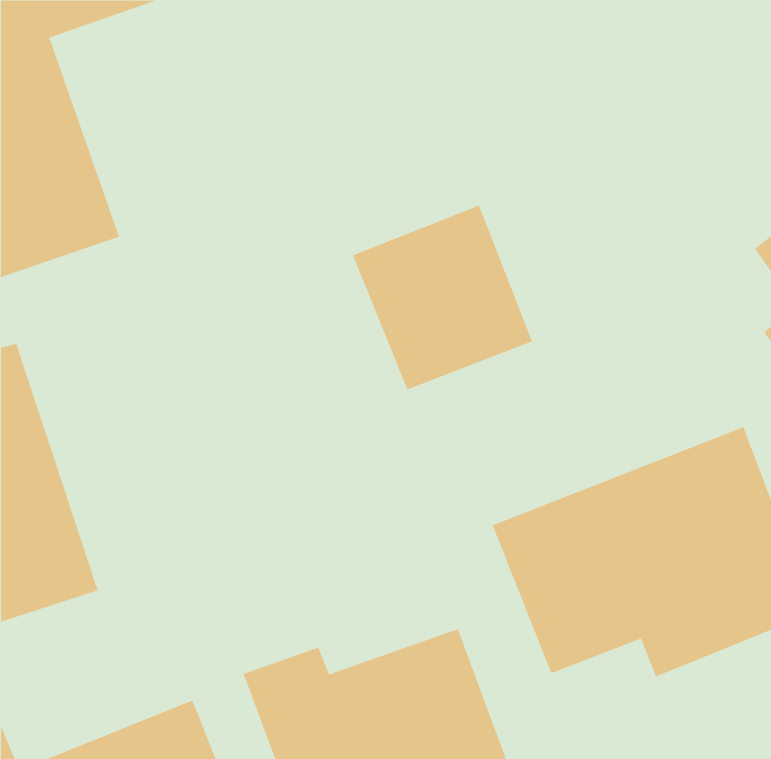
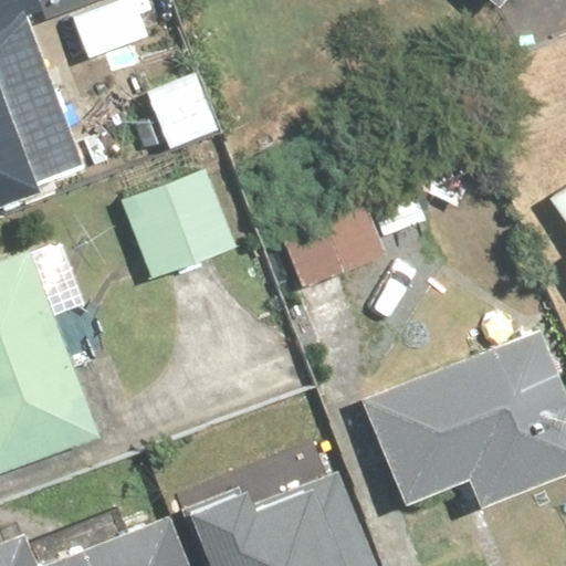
building: none -> [117,176,229,283]

